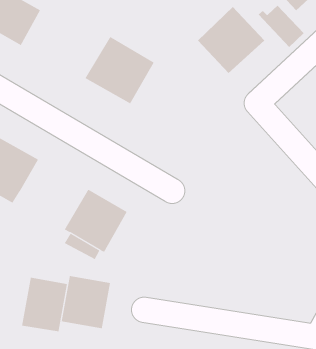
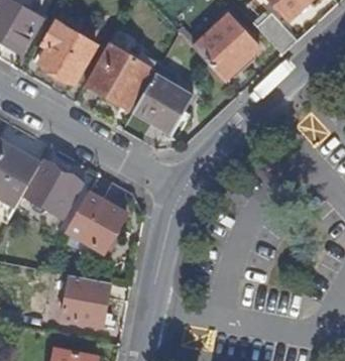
building: none -> [40,22,95,83]
building: none -> [134,73,195,134]
building: none -> [22,158,82,216]
building: [21,277,67,332] -> none

